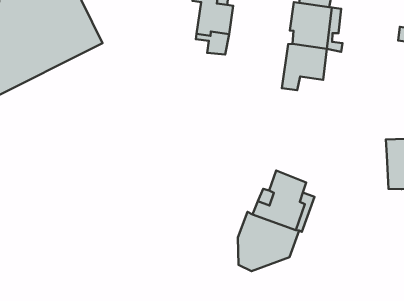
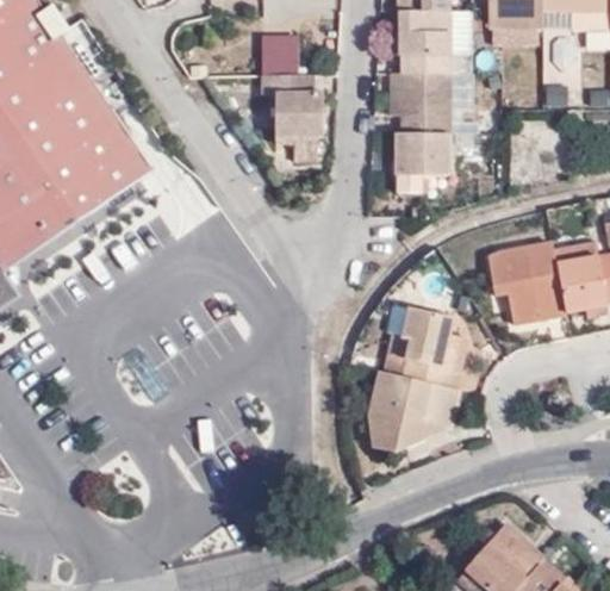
building: none -> [487,239,565,323]

